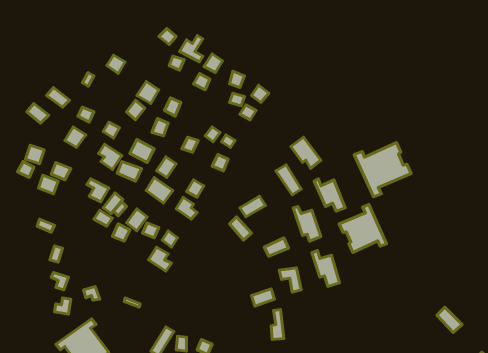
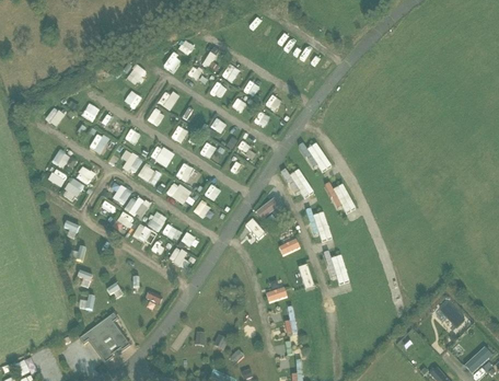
building: [354,143,411,197] -> none
building: [339,205,387,252] -> none

